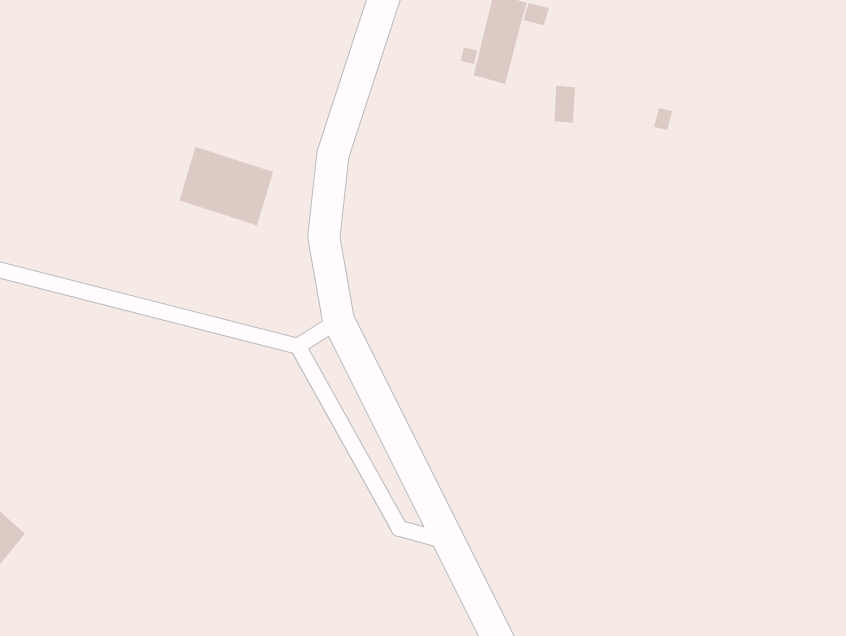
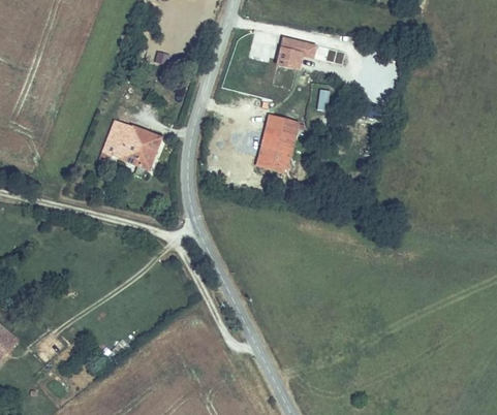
building: none -> [258,115,298,171]

